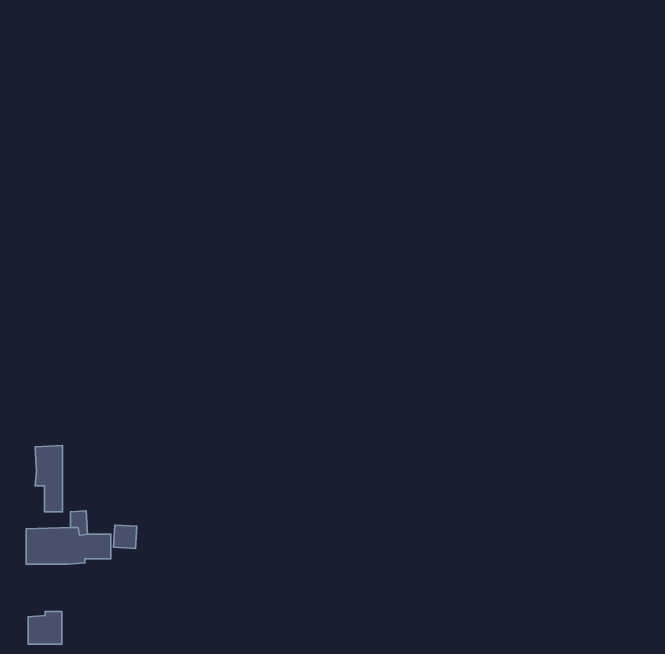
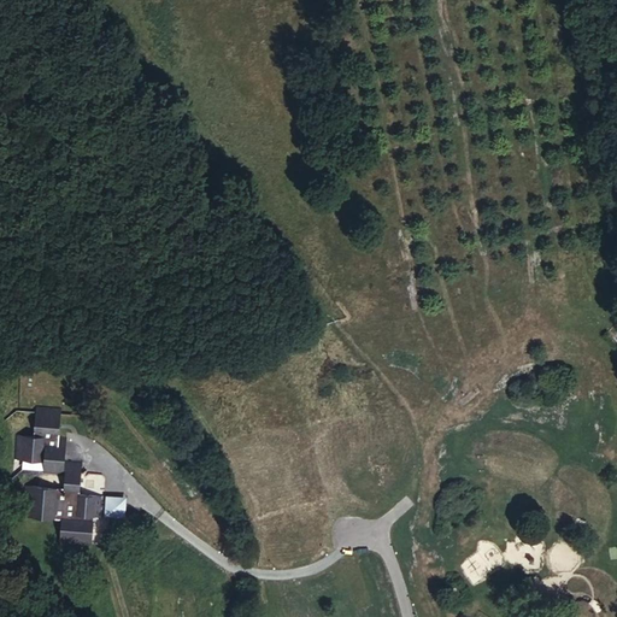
building: none -> [16,436,42,463]
building: [28,611,62,644] -> [64,517,95,547]

